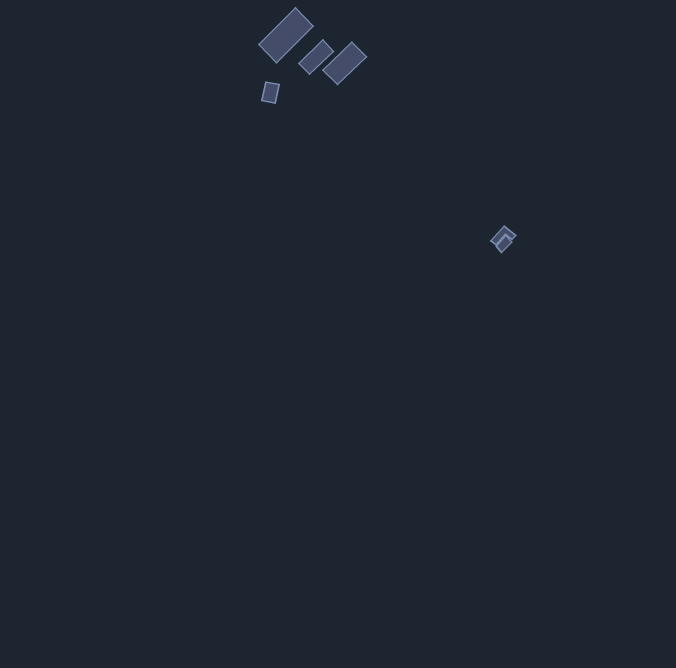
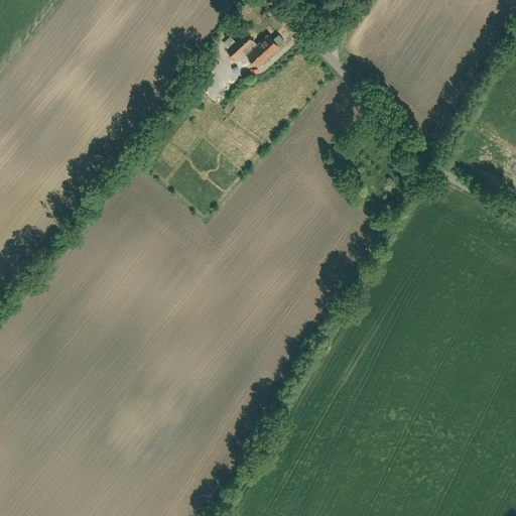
building: [259,8,313,63] -> none

